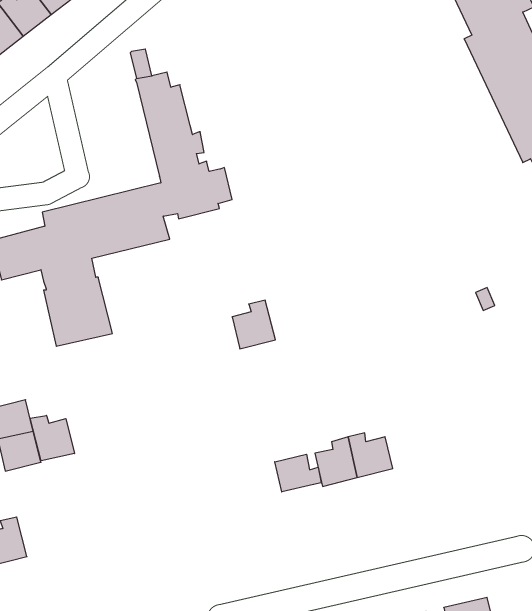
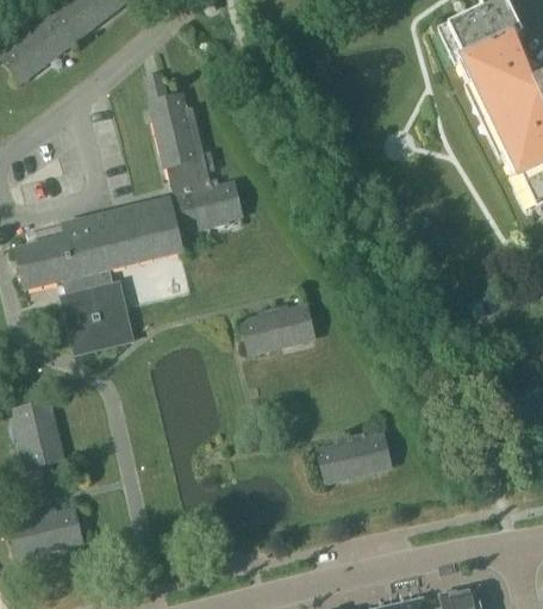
building: none -> [273,303,314,344]
building: [30,415,74,461] -> none
building: [275,454,321,492] -> none
building: none -> [40,507,82,547]

